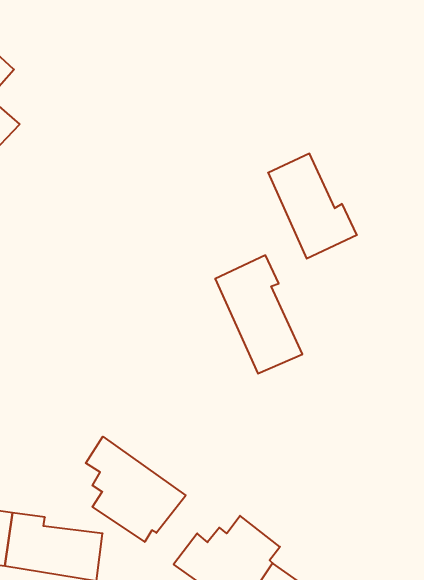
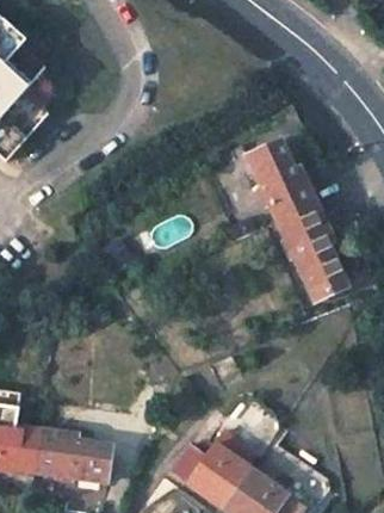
building: [215,255,302,374] -> [278,204,348,299]
building: [86,437,186,542] -> none

